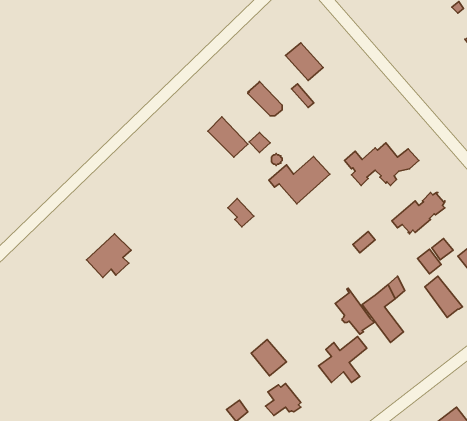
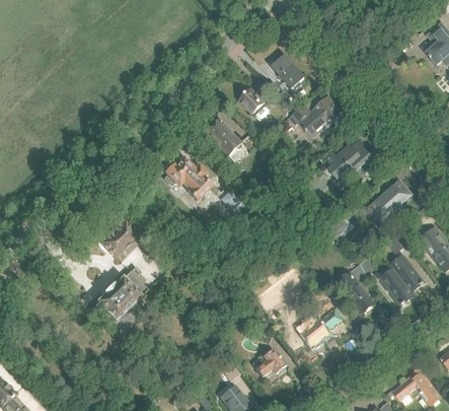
building: [269,157,330,204] -> [289,96,342,137]
building: none -> [163,157,211,200]
building: none -> [91,266,147,321]
building: [335,288,374,334] -> [380,265,414,304]
building: [251,340,286,376] -> none

